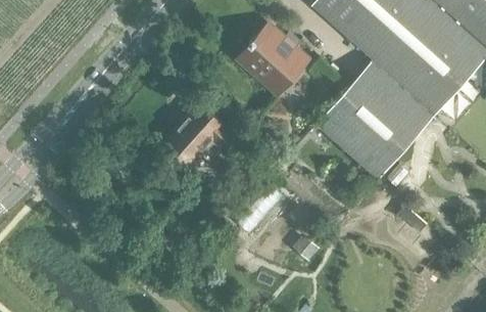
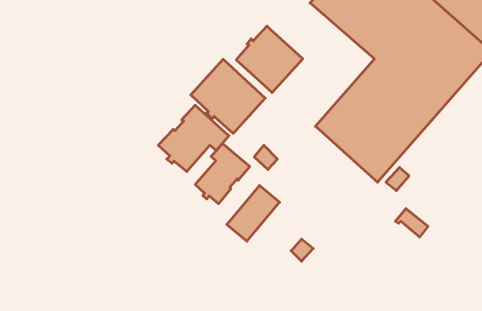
building: none -> [191,59,265,133]
building: none -> [195,143,250,204]

